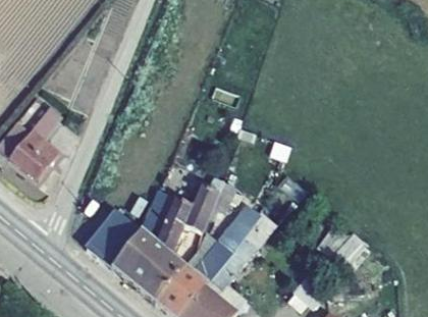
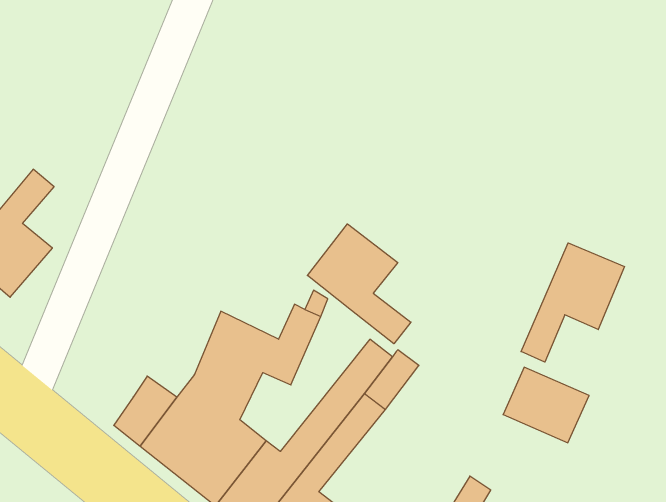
building: none -> [307,224,411,344]
building: none -> [521,243,625,362]

